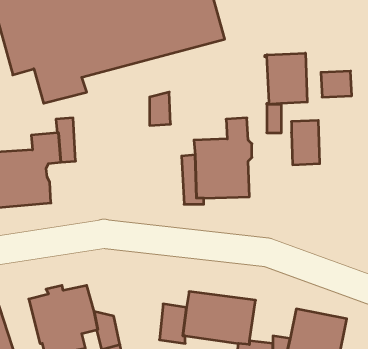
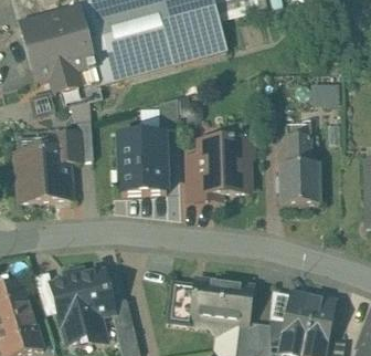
building: [265,53,307,104] -> none
building: none -> [118,133,166,192]
building: none -> [277,161,320,203]

